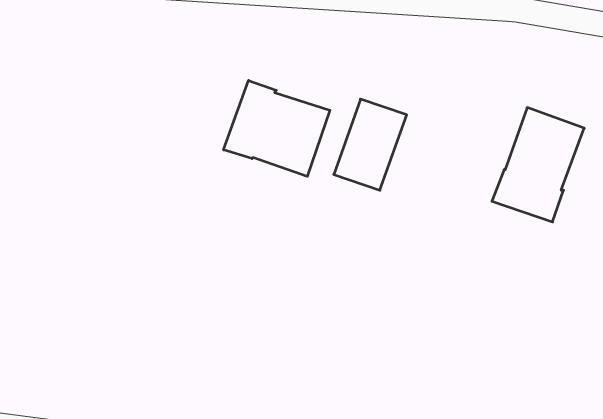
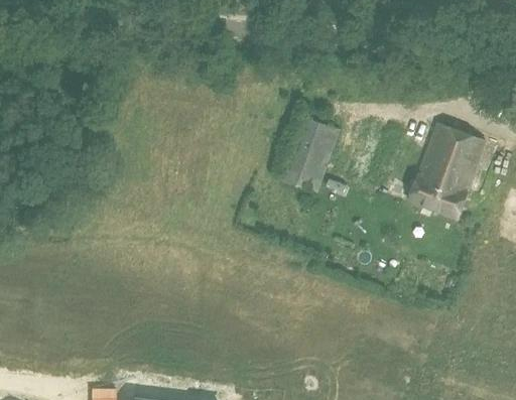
building: [224,80,330,176] -> none

